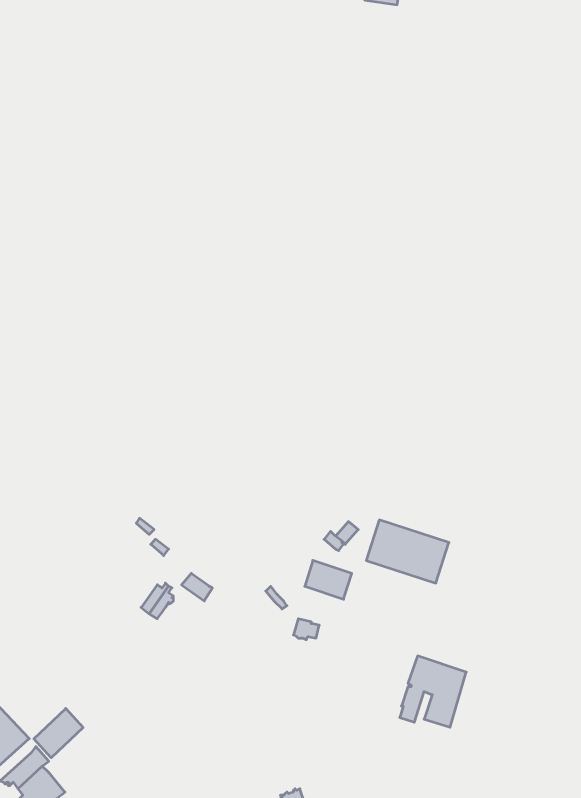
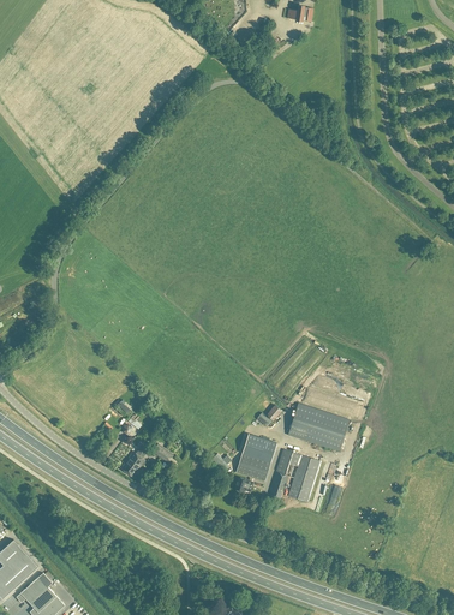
building: none -> [235,453,270,482]
building: [400,656,466,727] -> [269,449,318,502]
building: [34,708,83,758] -> none

